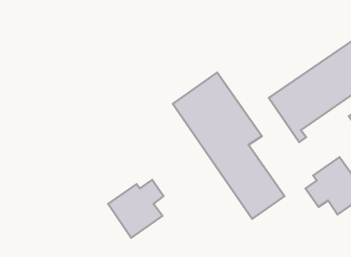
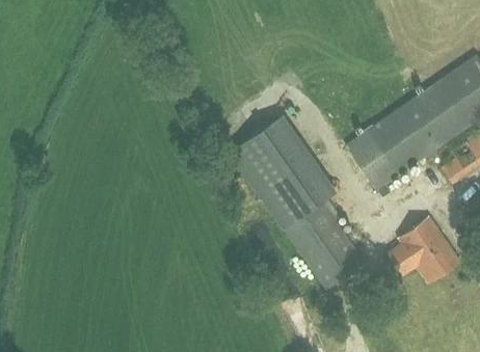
building: [108,180,163,238] -> none

